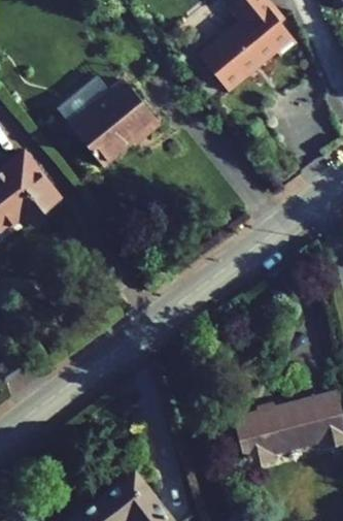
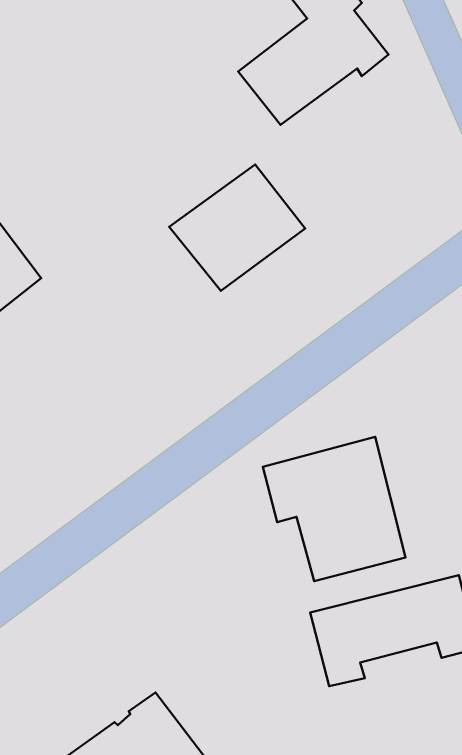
building: [58,77,147,161] -> [169,164,305,291]
building: none -> [263,437,406,581]

